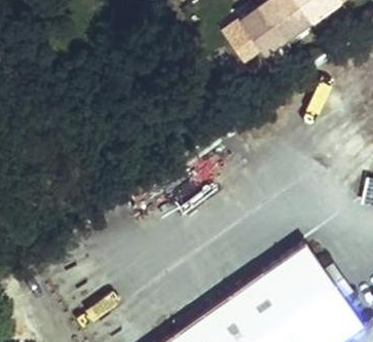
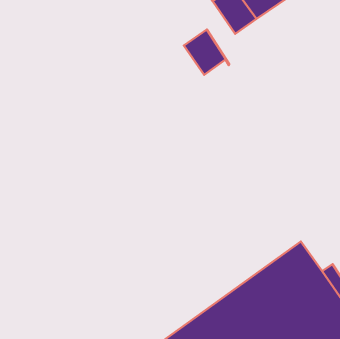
building: none -> [184,29,229,75]

